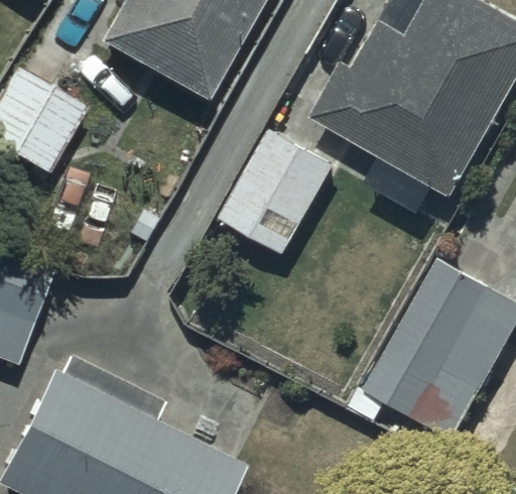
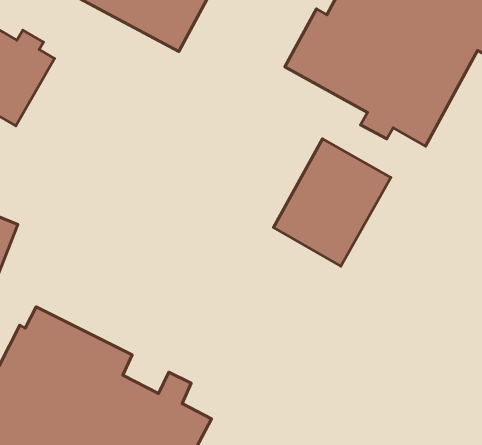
building: [220,126,336,252] -> [273,139,391,266]
building: [364,256,492,438] -> none

